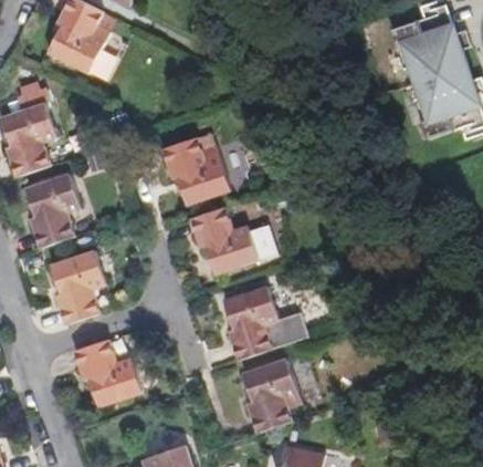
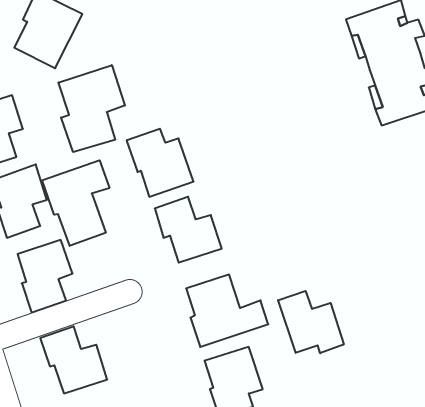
building: none -> [58,65,125,152]
building: none -> [42,160,109,246]
building: none -> [278,291,344,353]

